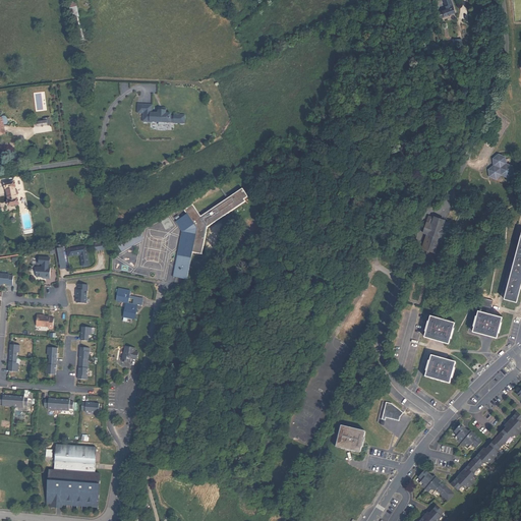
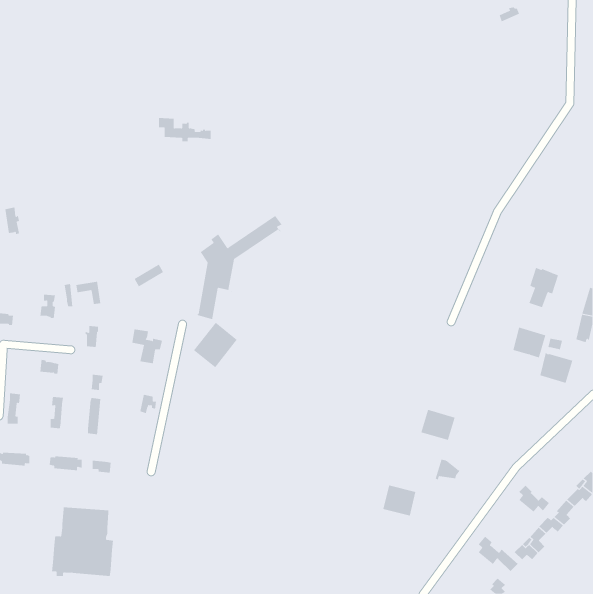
building: [488,153,514,178] -> none
building: [421,216,448,251] -> [528,267,559,308]
building: none -> [193,322,238,368]
building: [424,314,454,342] -> [513,327,546,358]
building: [424,355,455,383] -> [421,409,455,441]

